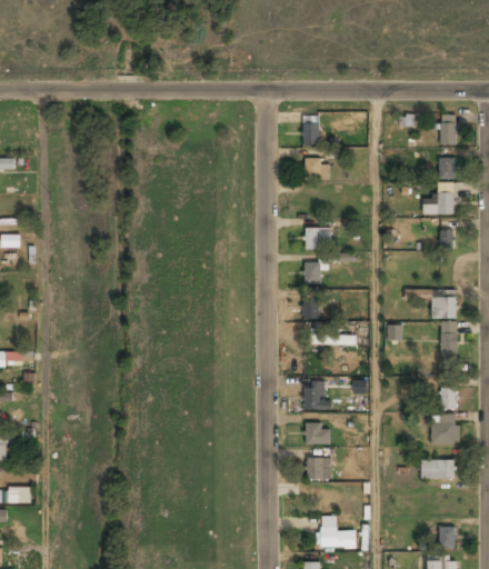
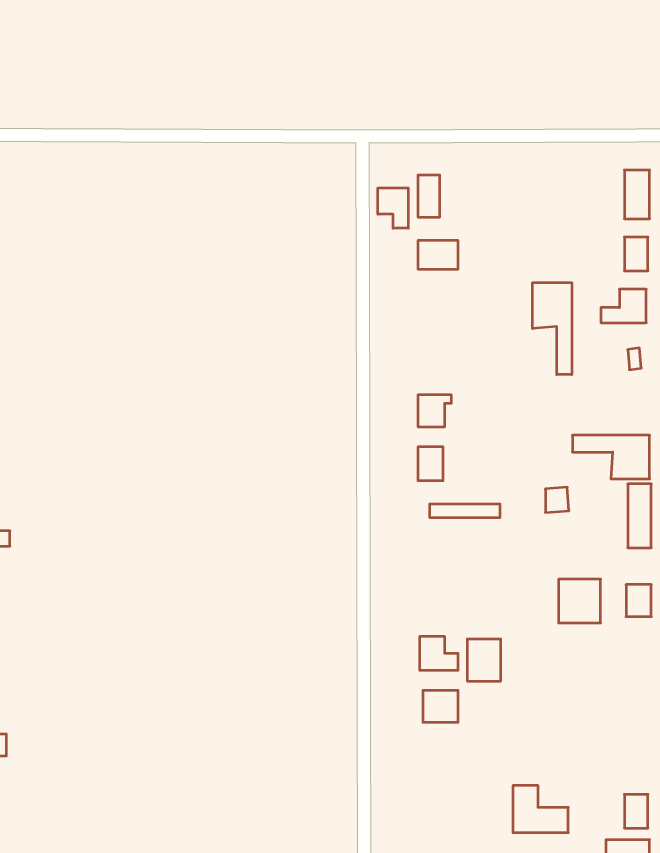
building: none -> [378,188,408,228]
building: none -> [533,283,572,375]
building: [305,228,331,248] -> none
building: [305,382,327,410] -> [467,639,501,681]
building: [431,416,459,445] -> [559,579,601,623]
building: [421,460,456,479] -> none
building: [320,516,357,547] -> [513,786,568,833]

